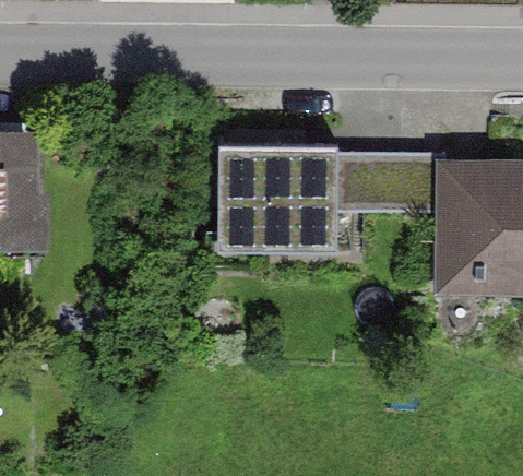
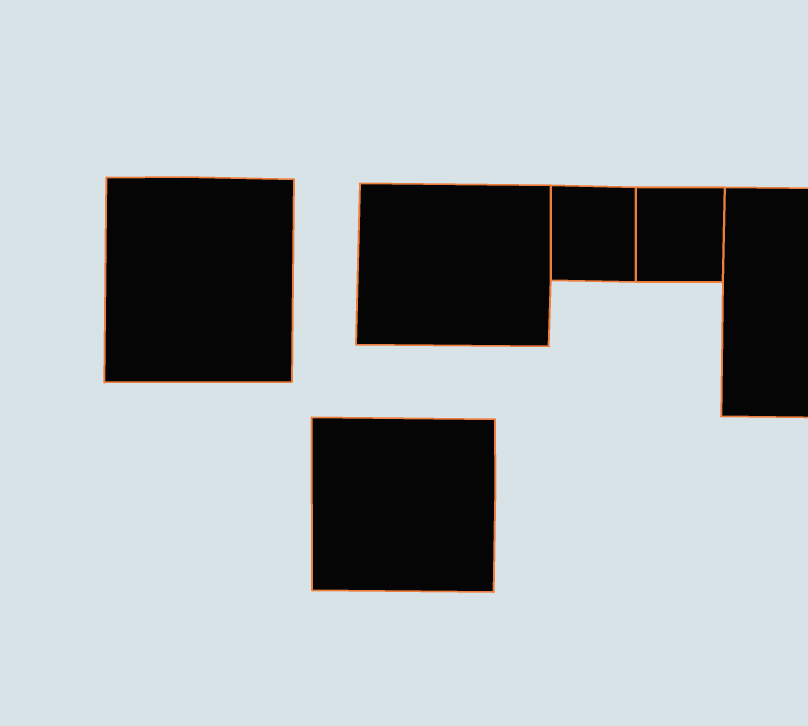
building: none -> [104,177,294,383]
building: none -> [312,417,495,592]

